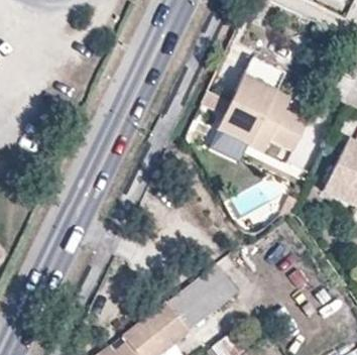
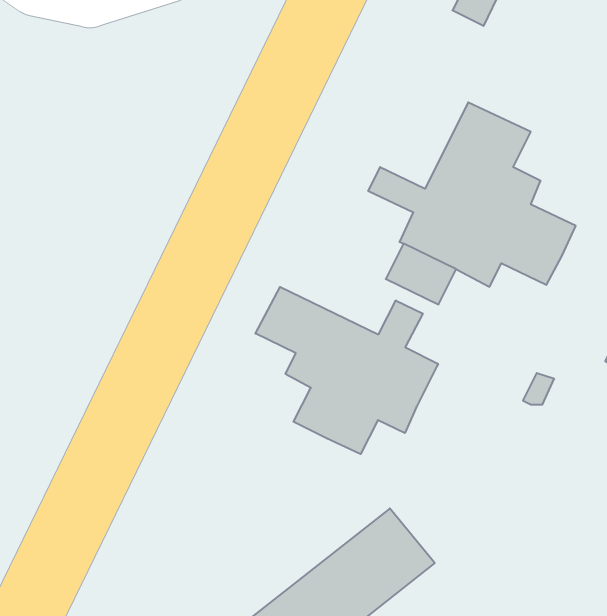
building: none -> [255,287,438,454]

